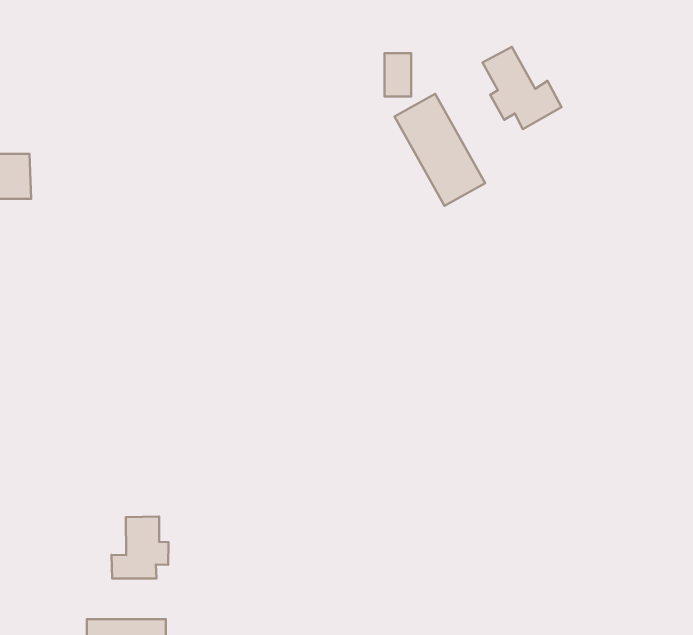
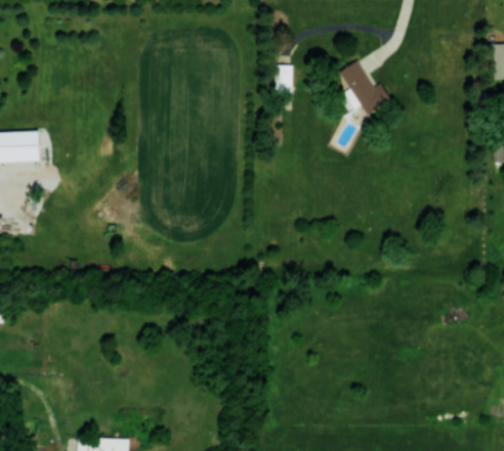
building: [395,94,485,206] -> none
building: [111,517,168,578] -> none

